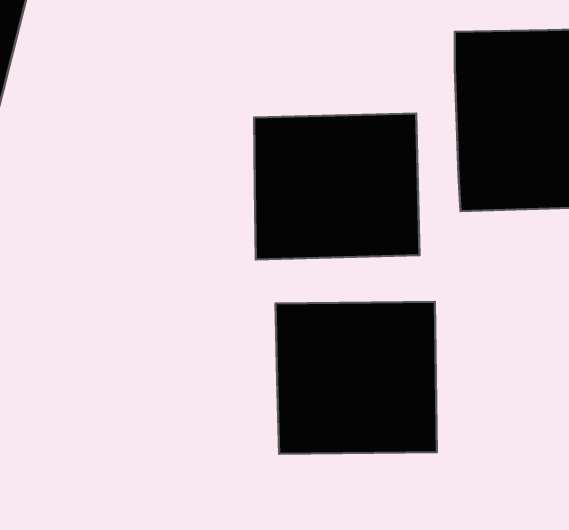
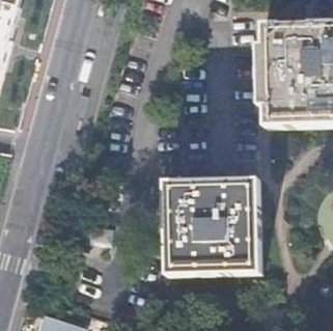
building: [254,113,420,259] -> none

